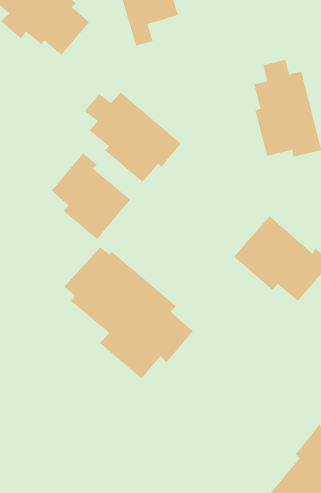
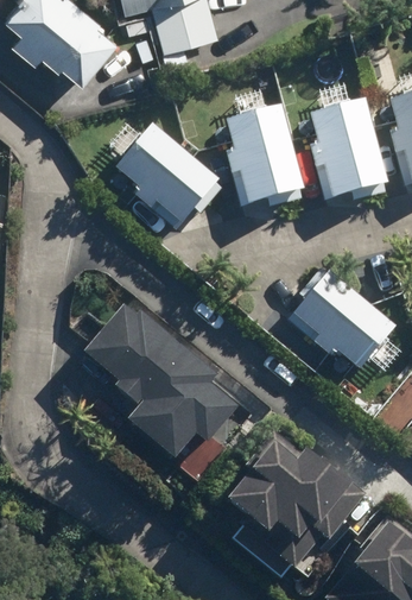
building: none -> [222,90,306,208]
building: [51,152,131,240] -> none
building: none -> [226,429,381,580]

